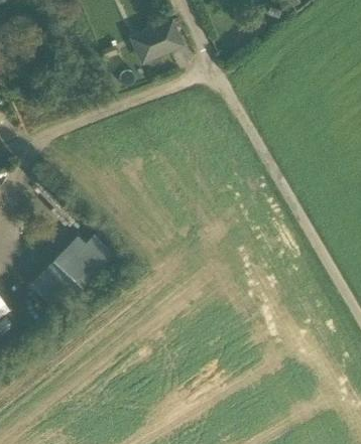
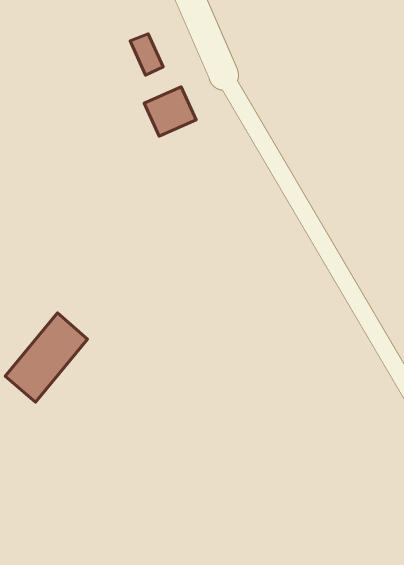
building: [143,21,182,57] -> [144,87,196,136]

